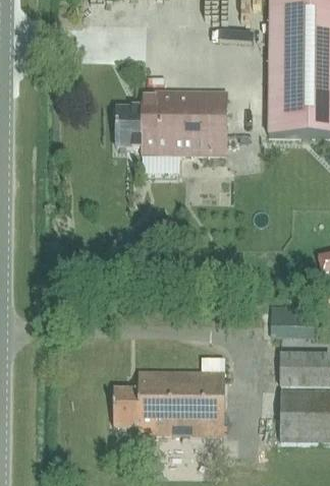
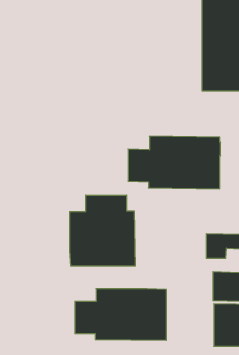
building: [116,89,227,153] -> [128,136,221,189]
building: none -> [70,195,135,266]

